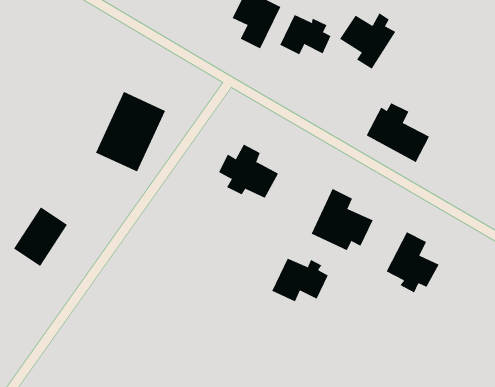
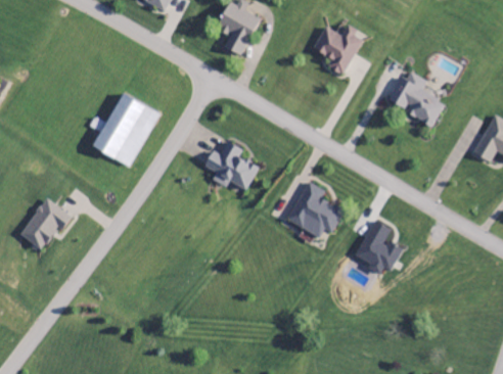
building: [280,14,331,55] -> none
building: [366,102,430,163] -> [387,72,445,126]
building: [271,258,329,302] -> none

